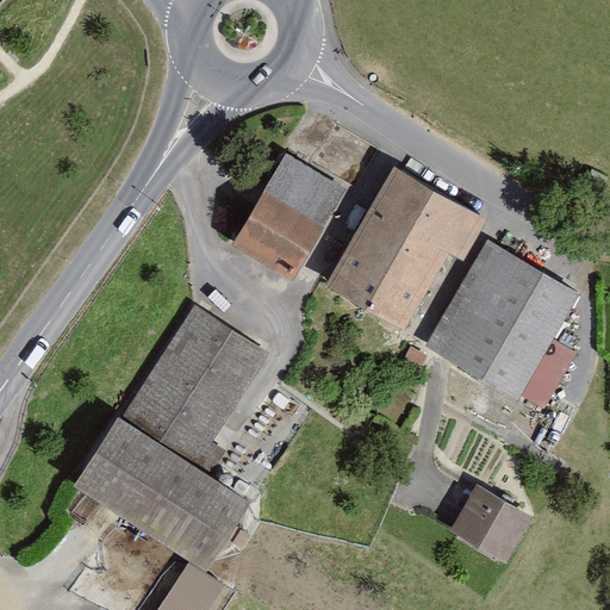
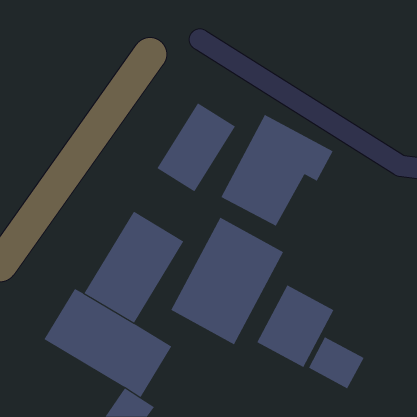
building: [421,237,581,418] -> none
building: none -> [170,217,284,345]
building: none -> [256,285,334,368]

